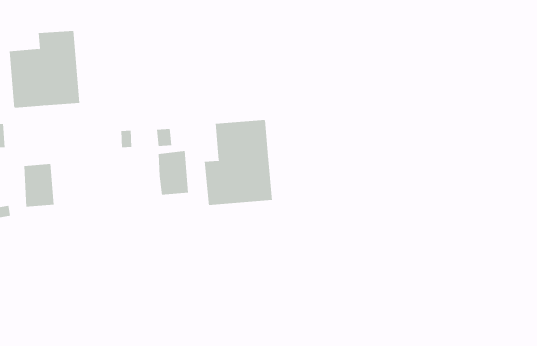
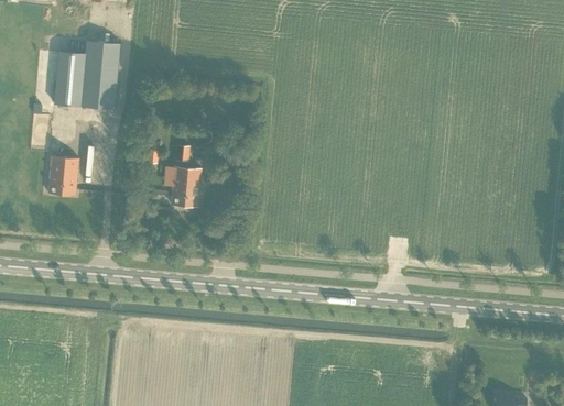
building: [204,119,273,206] -> none

